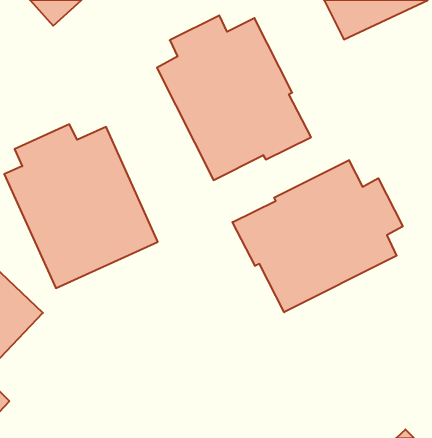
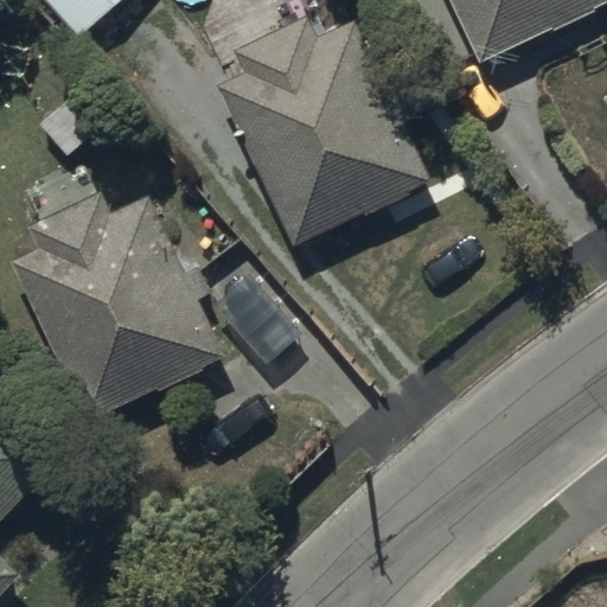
building: [232,160,403,312] -> none

